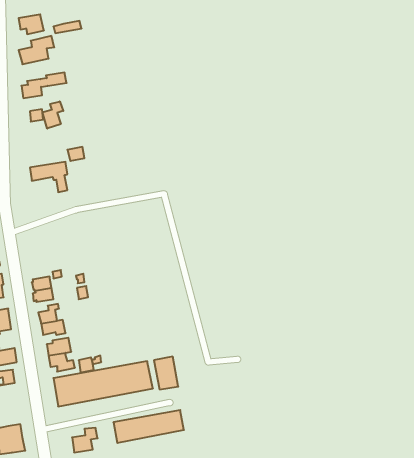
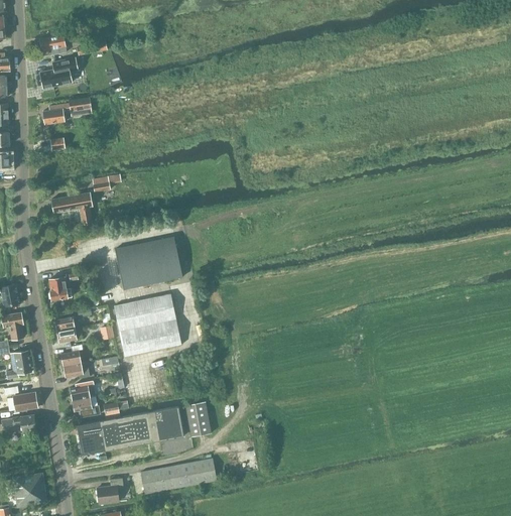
building: [42,101,63,129] -> none
building: none -> [115,237,182,289]
building: none -> [48,277,72,299]
building: none -> [114,293,181,357]

